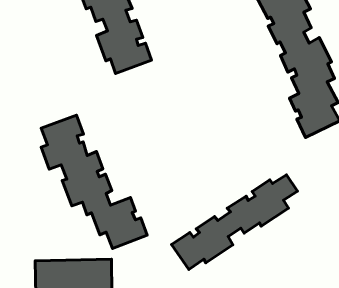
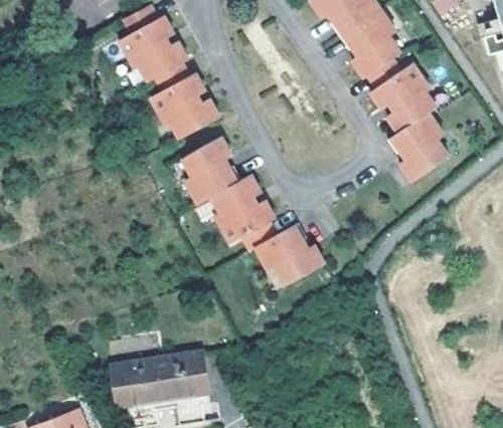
building: [41,115,147,249] -> [181,135,322,284]
building: [172,175,298,270] -> none

